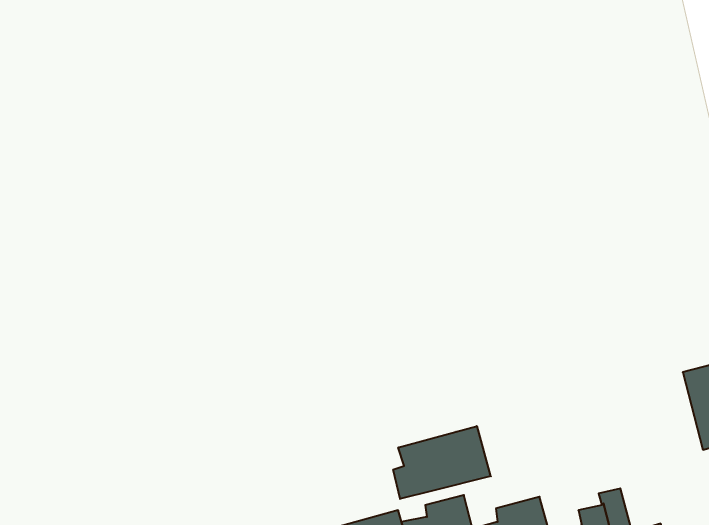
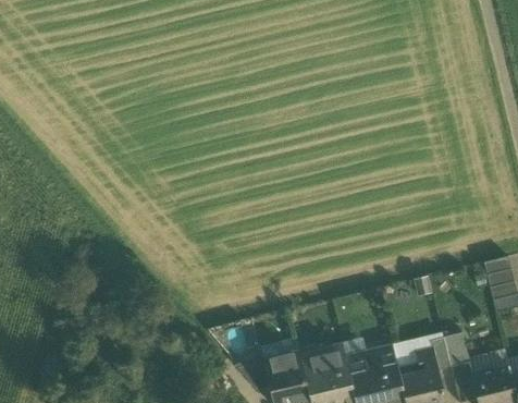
building: [393,426,491,499] -> none

